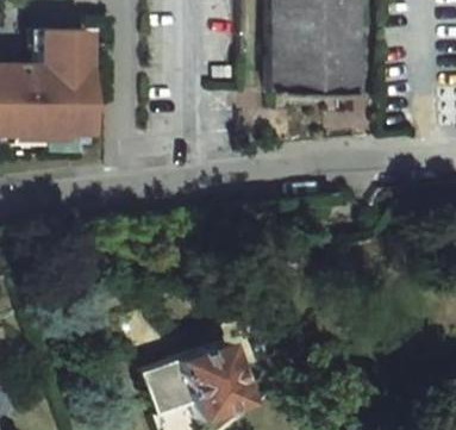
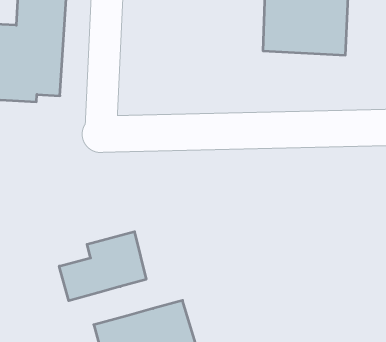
building: none -> [59,232,146,301]

